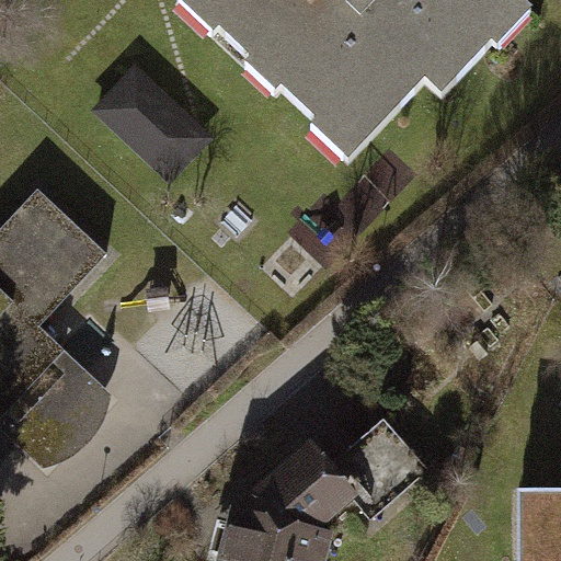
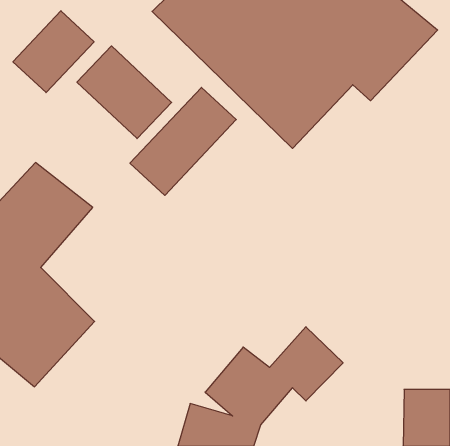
building: none -> [13,11,94,93]
building: none -> [130,87,236,195]

